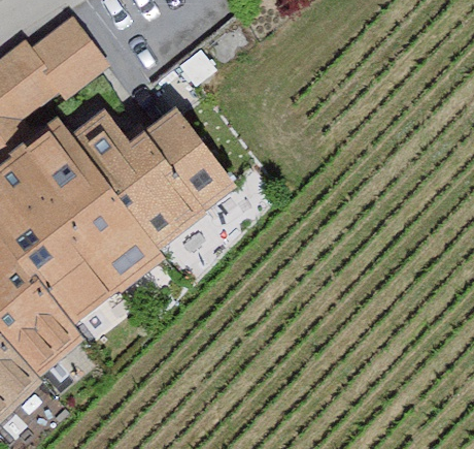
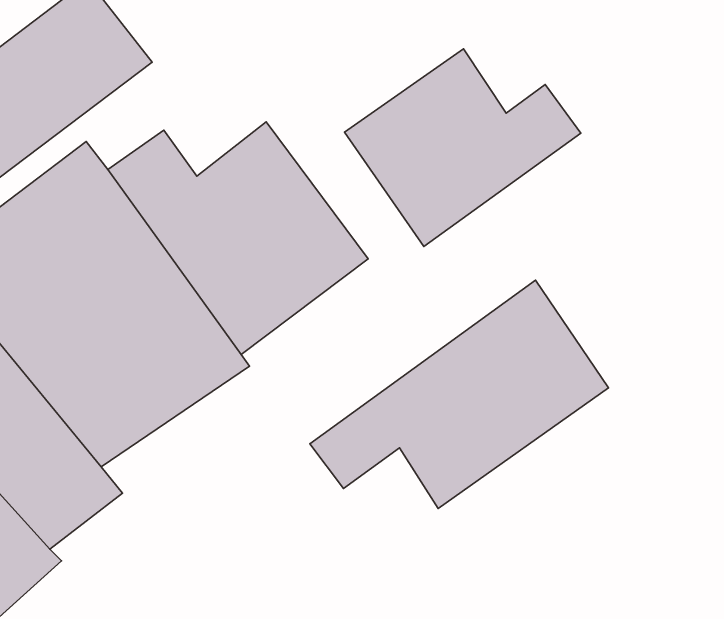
building: none -> [344,49,581,247]
building: none -> [310,280,609,509]

